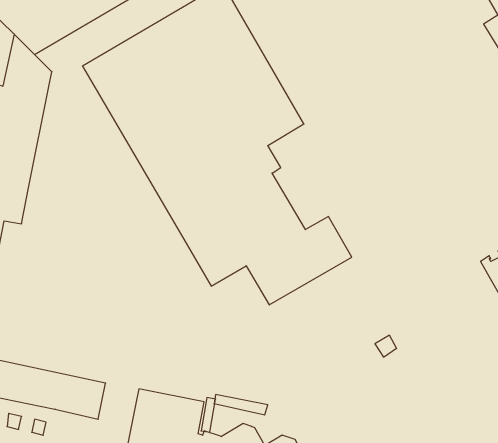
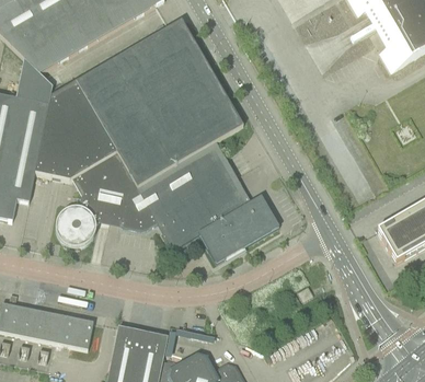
building: none -> [34,81,157,245]

